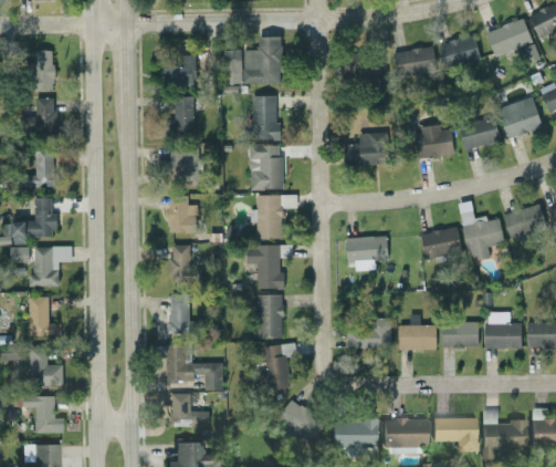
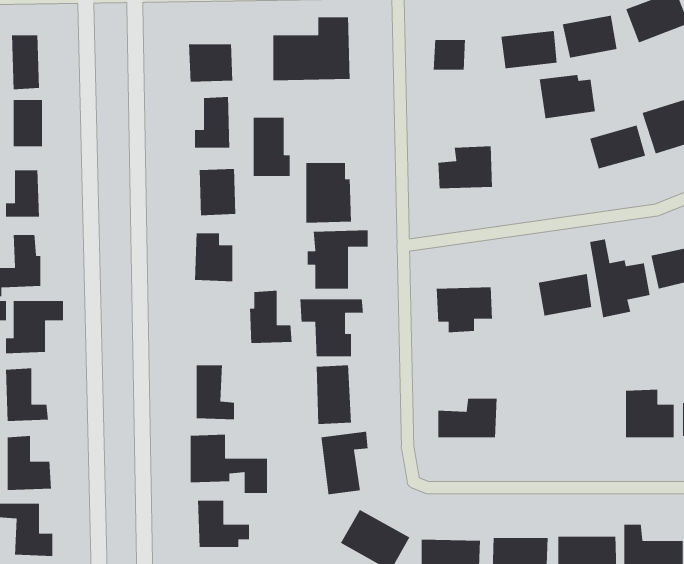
building: [253,95,281,139] -> [253,117,291,177]
building: [412,125,454,158] -> [539,74,596,119]
building: [169,243,201,283] -> [249,290,293,344]
building: [442,321,479,347] -> none
building: [398,323,437,350] -> none

